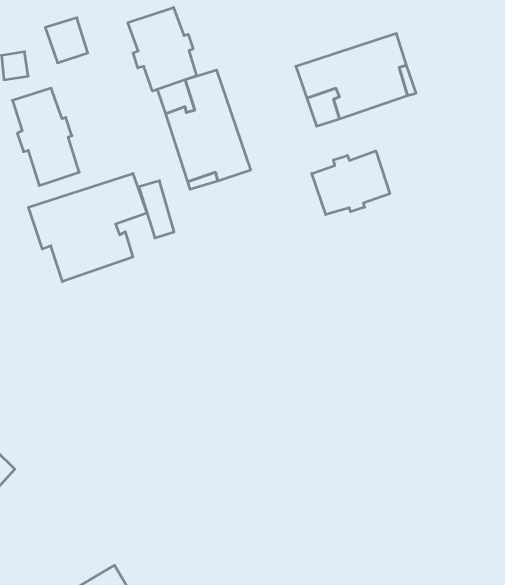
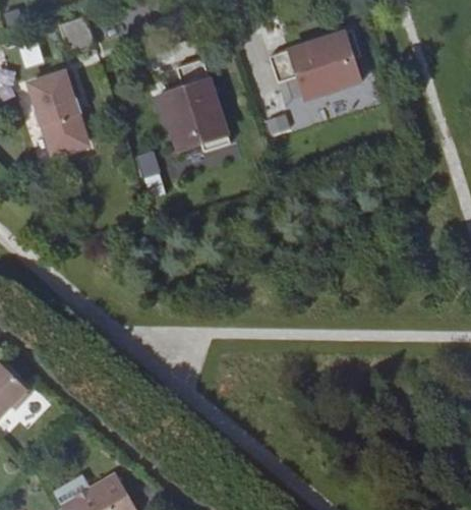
building: [128,7,196,91] -> none
building: [312,151,390,215] -> none
building: [28,173,147,282] -> none

